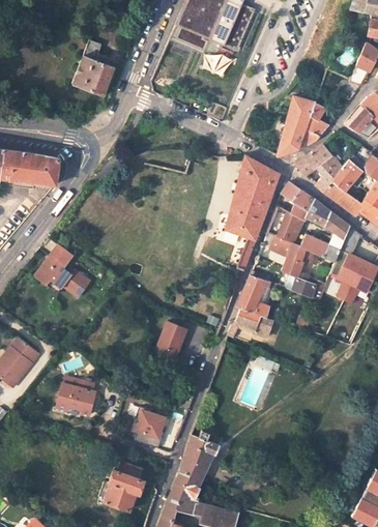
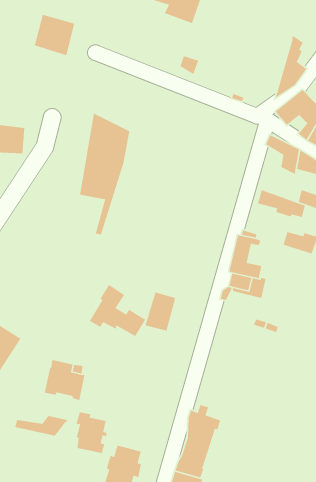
building: [275,97,316,157] -> none
building: [227,155,280,270] -> [79,113,130,235]
building: [268,206,309,247] -> none
building: [37,245,91,297] -> [89,284,146,337]
building: [283,258,313,289] -> none
building: [134,408,164,449] -> [76,412,107,454]
building: none -> [14,415,69,437]

